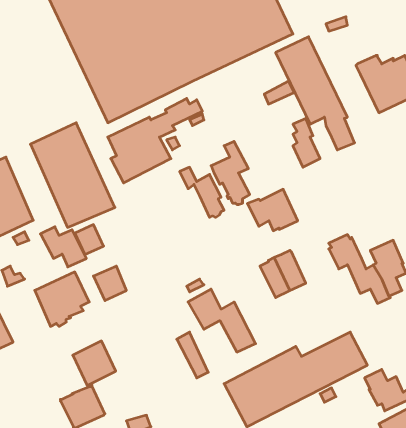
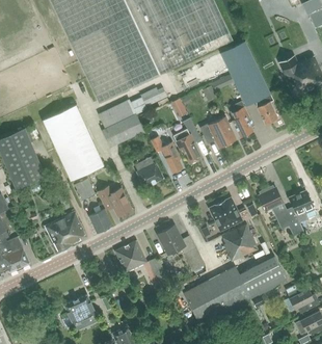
building: [247,189,298,231] -> [199,116,236,147]
building: none -> [135,158,163,187]
building: [40,227,86,267] -> [98,186,131,215]
building: none -> [222,224,258,261]
building: [73,341,116,385] -> [115,240,146,272]

